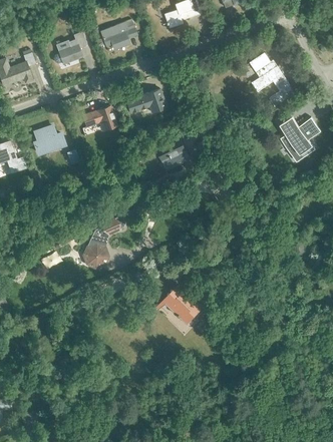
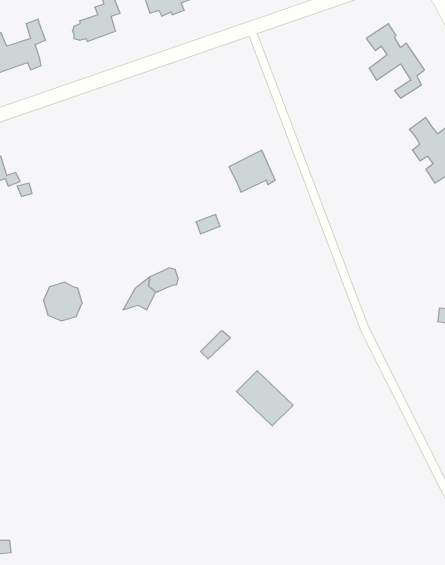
building: [125,89,165,113] -> none
building: [82,106,117,131] -> none
building: [34,126,65,154] -> none
building: [83,243,109,269] -> [43,282,82,321]

